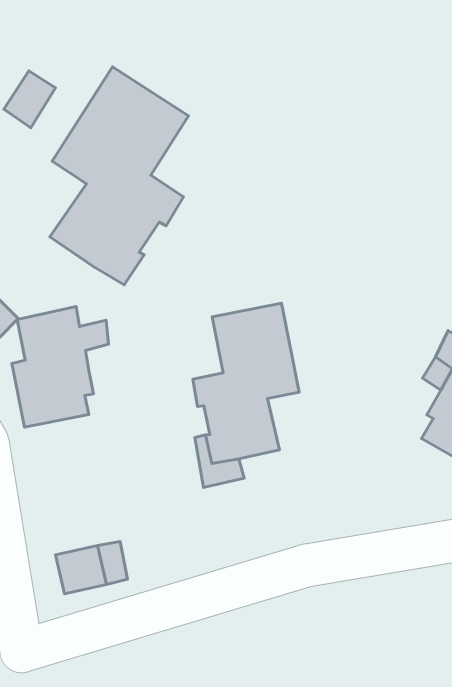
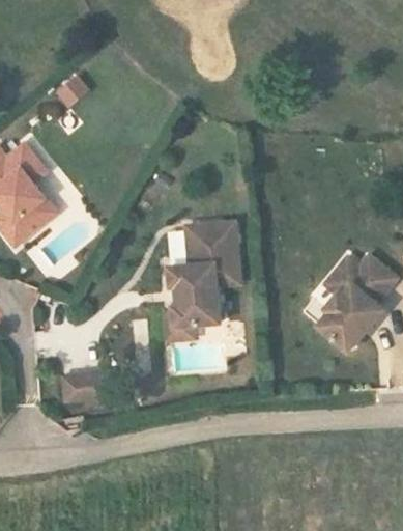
building: [50,67,188,285] -> none
building: [12,307,108,427] -> none

